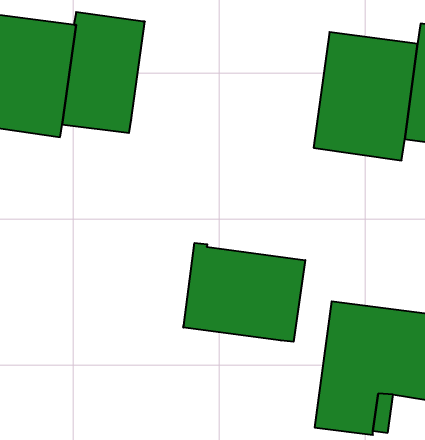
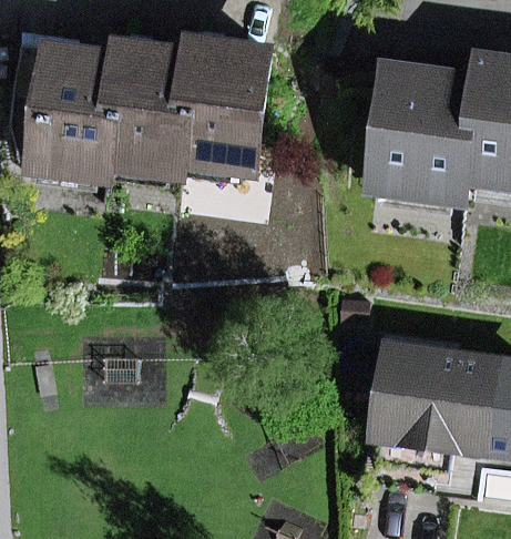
building: none -> [185,38,274,164]
building: [183,243,305,342] -> none

